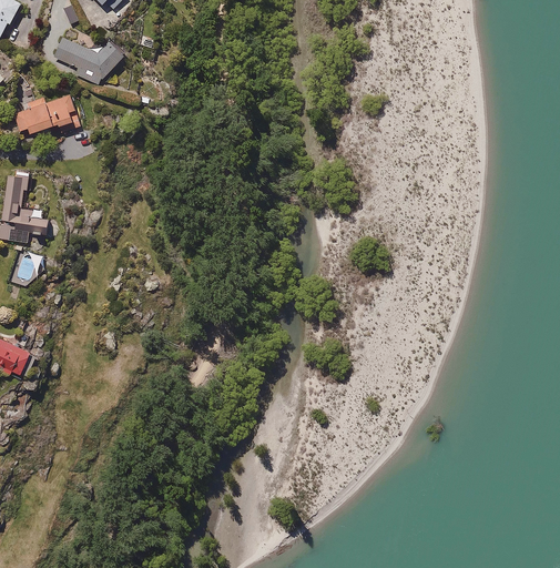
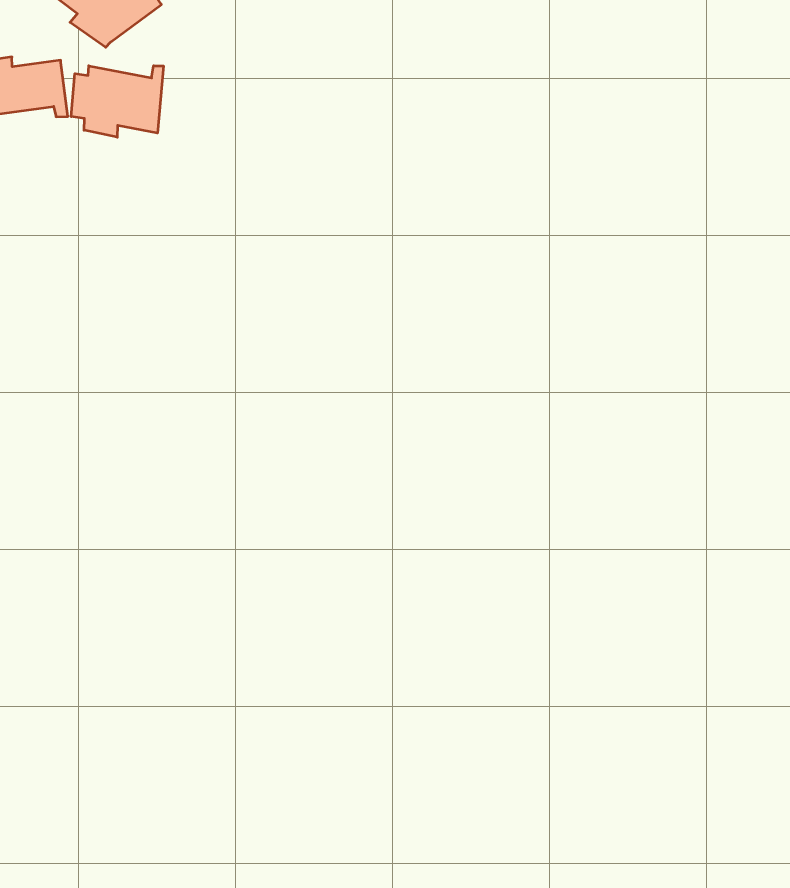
building: none -> [71,66,163,137]

